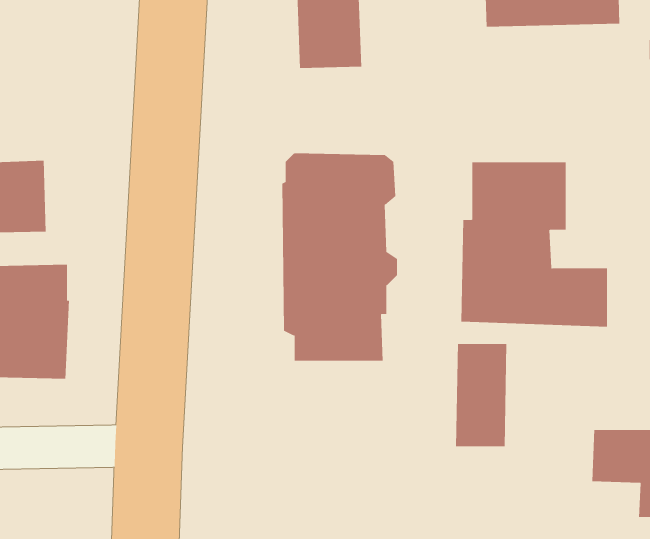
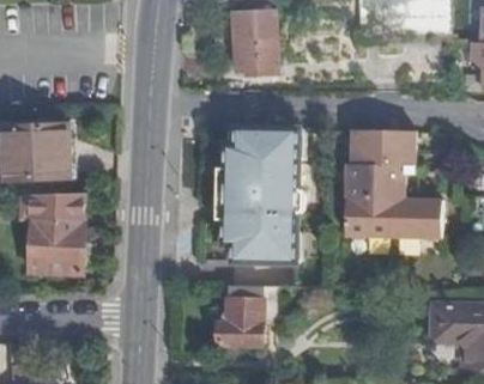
building: [456,343,507,447] -> none
building: none -> [217,288,262,346]

